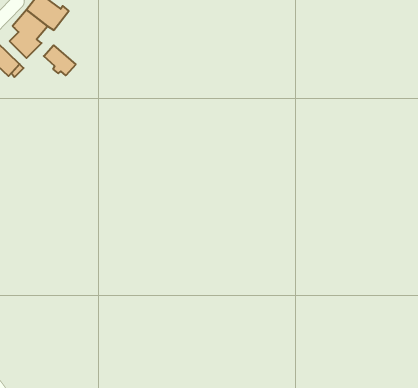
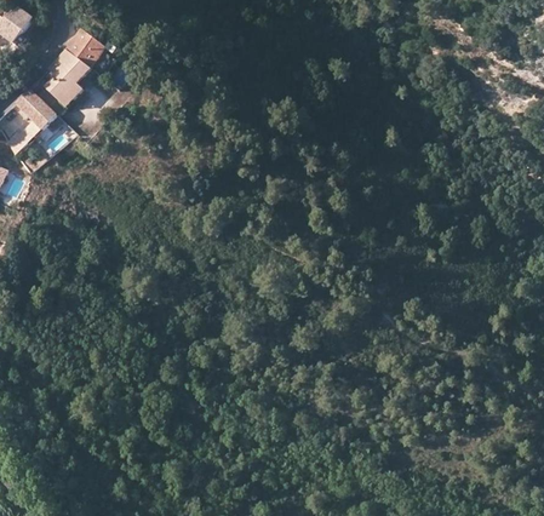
building: [44,45,76,75] -> none

